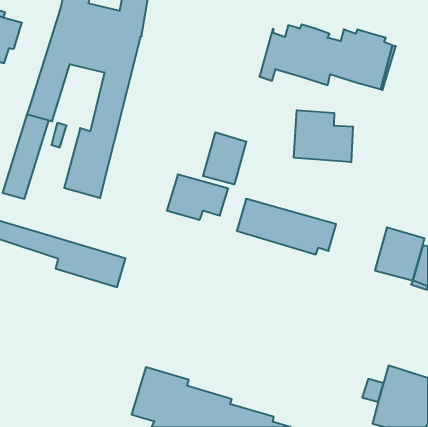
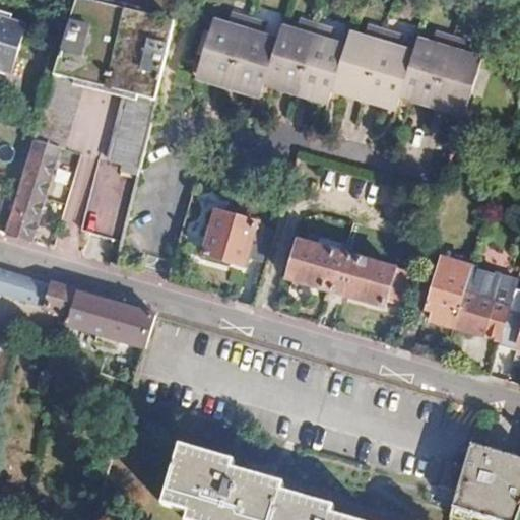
building: none -> [199,19,329,92]
building: [294,110,353,162] -> none
building: [203,132,246,184] -> none
building: none -> [424,269,466,326]

